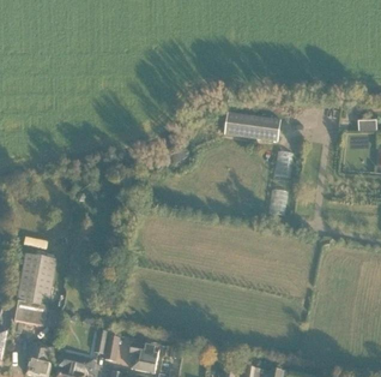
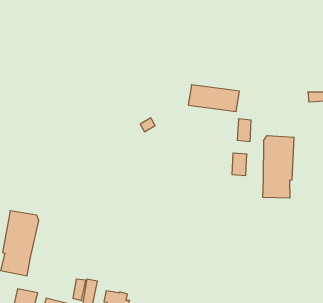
building: none -> [263,135,294,198]

